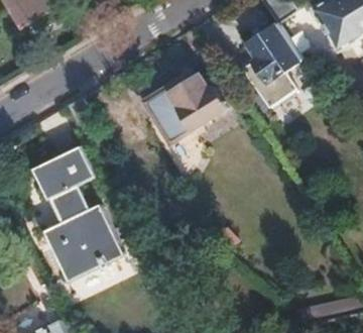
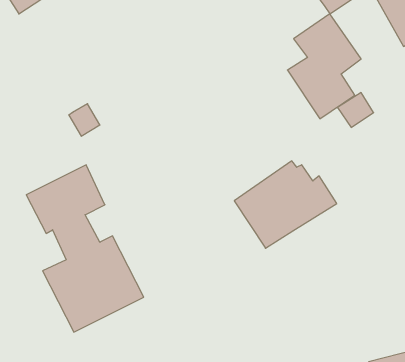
building: [144,73,227,143] -> [234,161,337,248]

